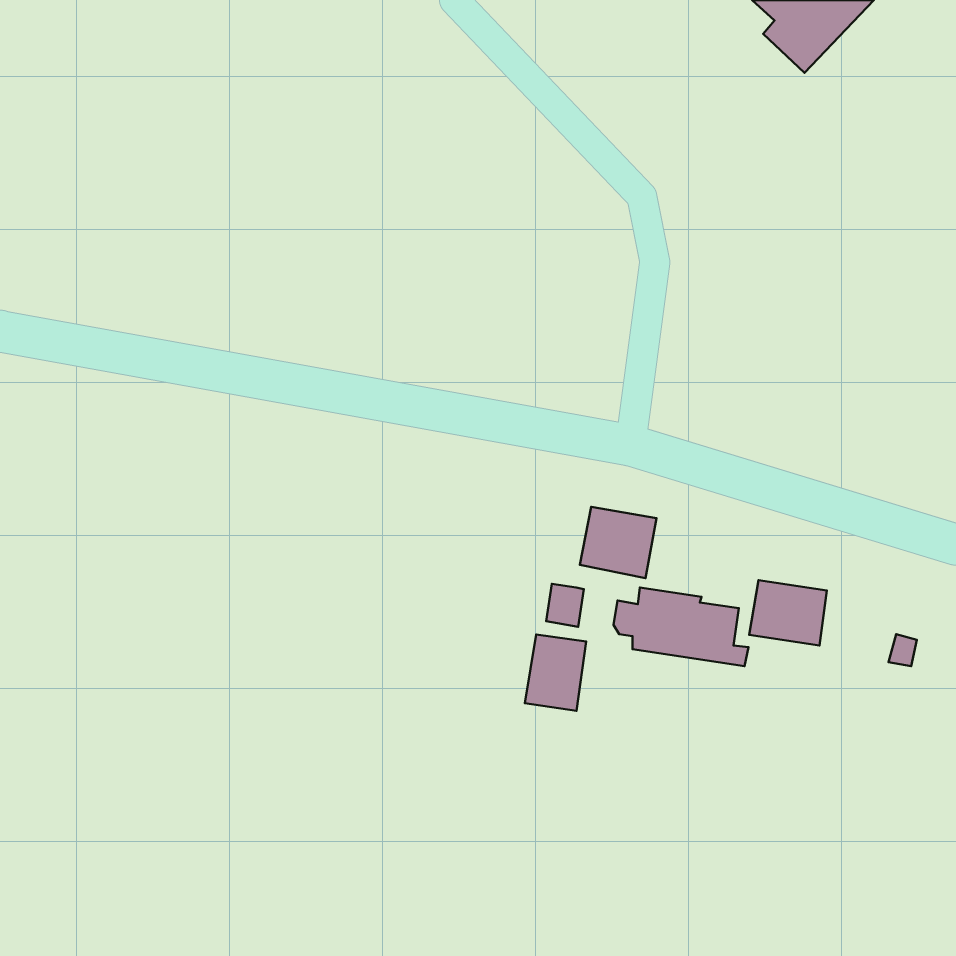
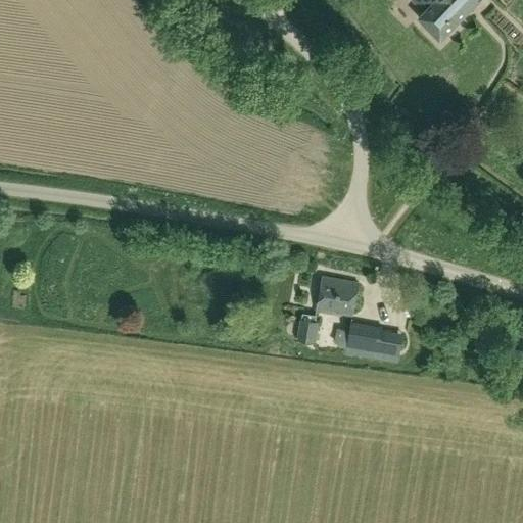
building: [749,580,827,645] -> none
building: [525,634,586,711] -> none

